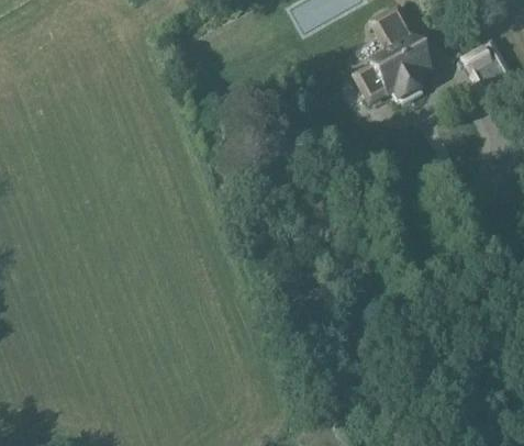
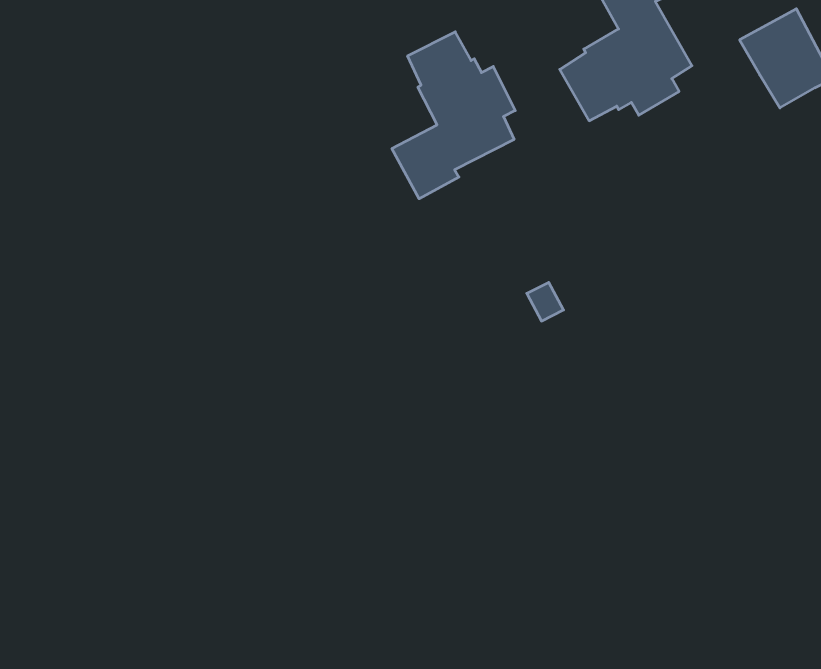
building: none -> [392,32,515,199]

